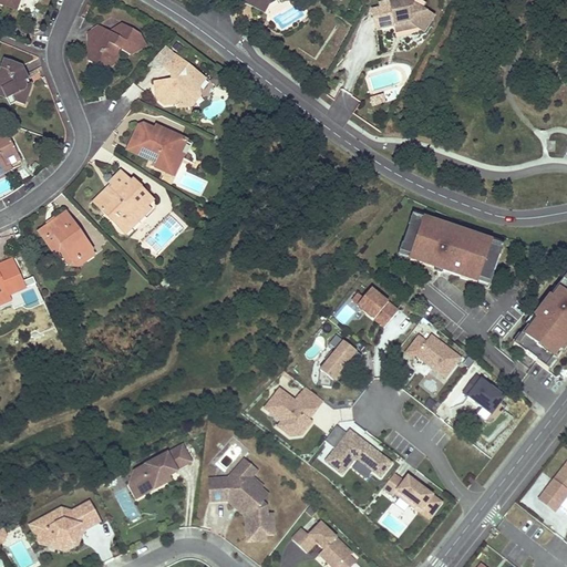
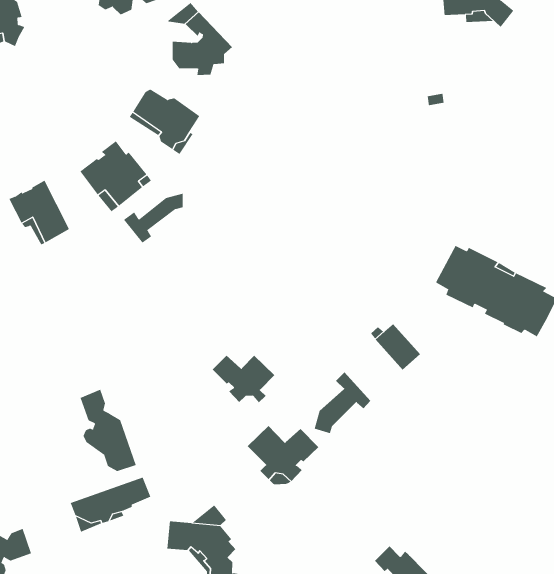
building: none -> [123,193,183,244]
building: none -> [212,355,275,403]
building: [405,334,460,377] -> none
building: [462,372,506,414] -> none
building: none -> [80,389,136,472]
building: [326,431,391,475] -> none

